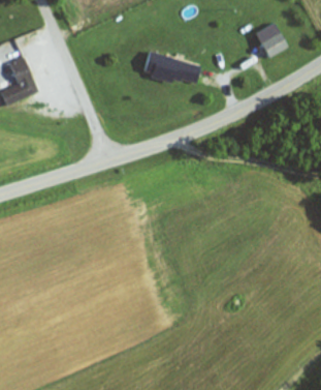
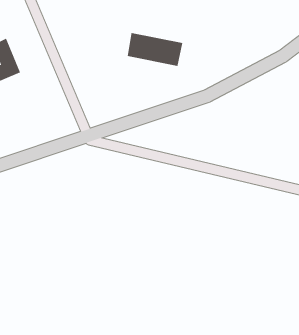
building: [260,31,288,57] -> none

